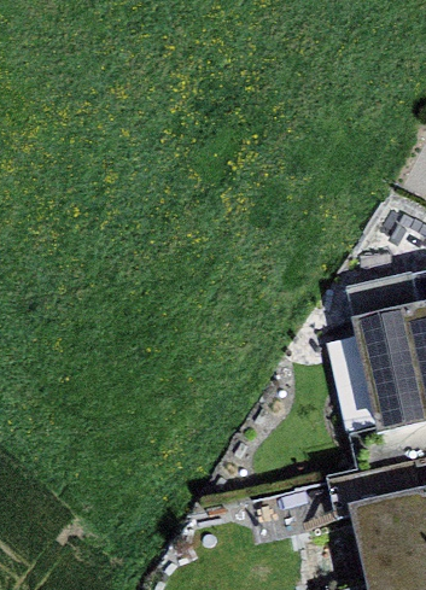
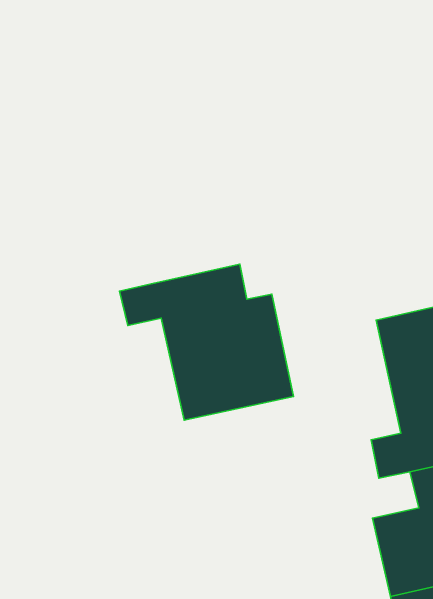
building: none -> [119,264,293,420]

